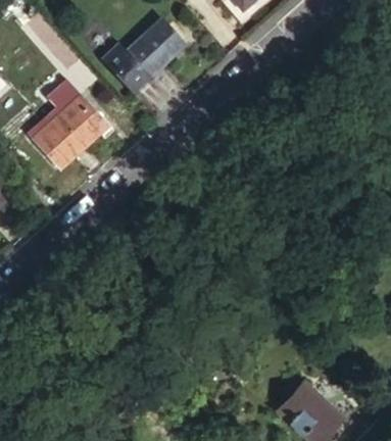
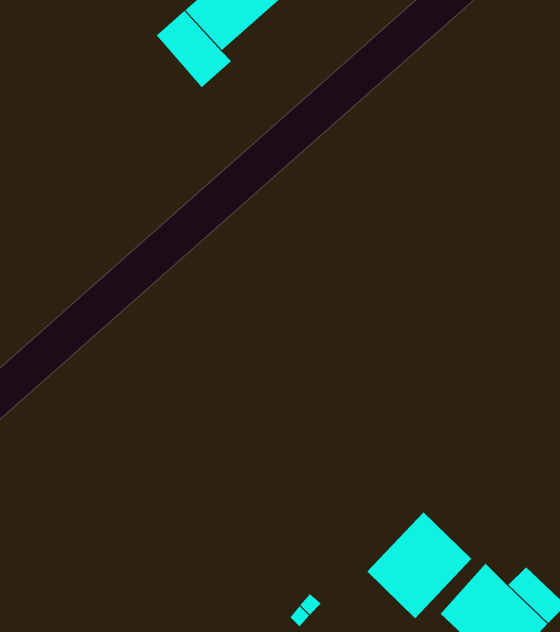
building: [31,95,104,167] -> none
building: none -> [366,511,472,619]

